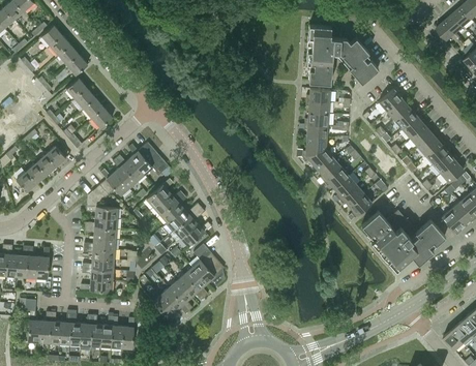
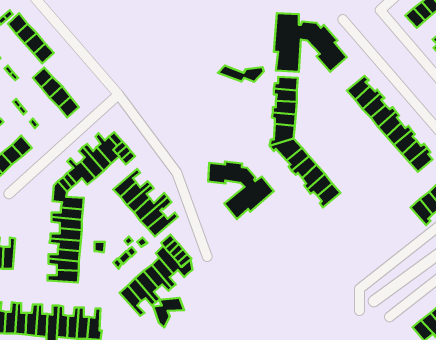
building: none -> [218,65,264,82]
building: none -> [208,161,274,219]
building: [361,210,444,270] -> none
building: none -> [153,298,184,327]

